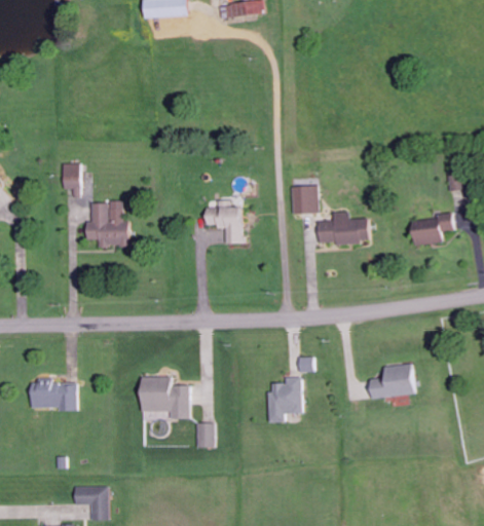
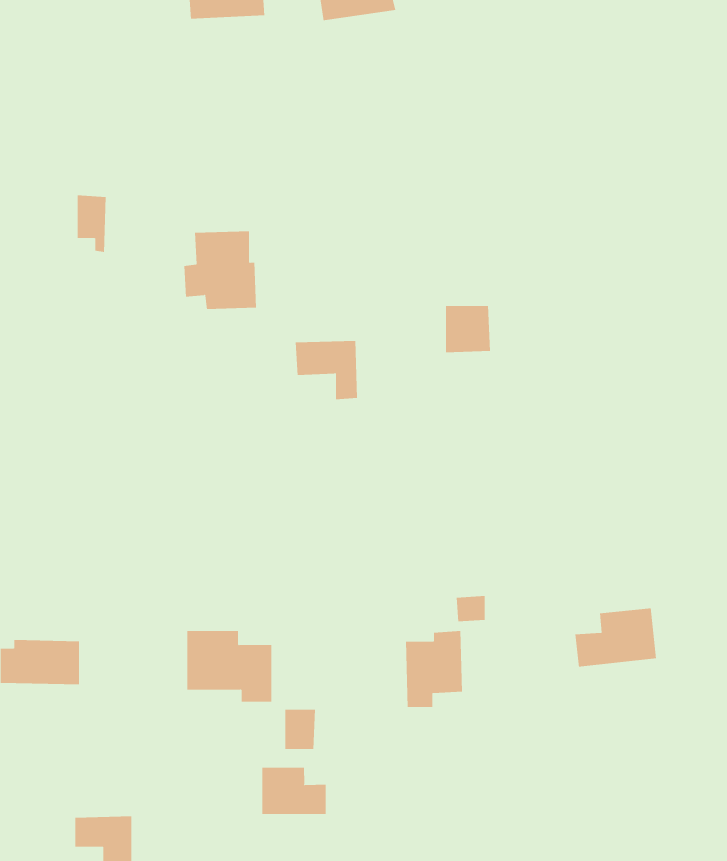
building: [62,163,79,197] -> [77,195,107,253]
building: [83,201,126,248] -> [184,231,257,309]
building: [318,213,368,243] -> none
building: [408,214,453,247] -> none
building: none -> [262,767,326,815]

